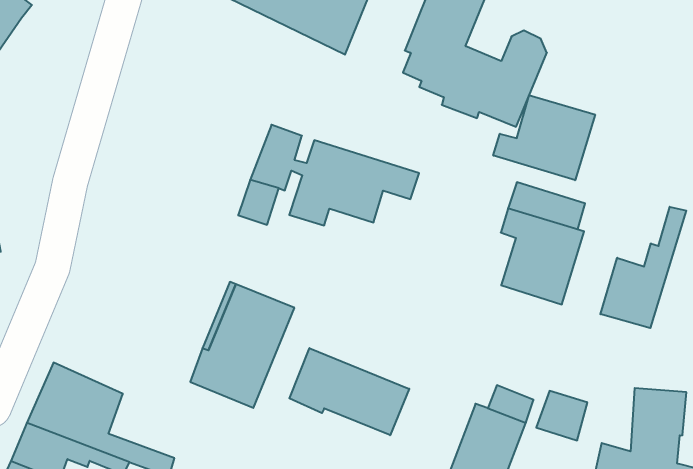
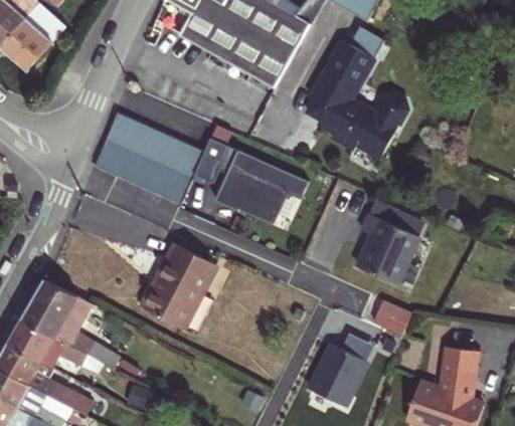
building: [493,95,595,180] -> none
building: none -> [93,112,202,203]
building: [600,207,686,328] -> none
building: [289,348,409,435] -> none
building: [536,391,587,440] -> [373,300,410,337]

